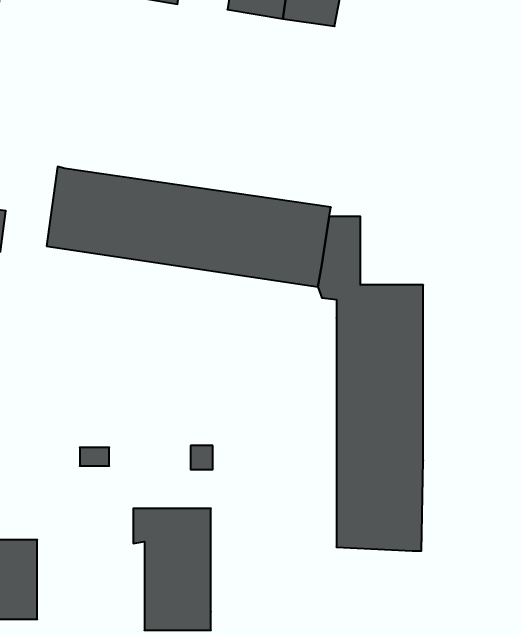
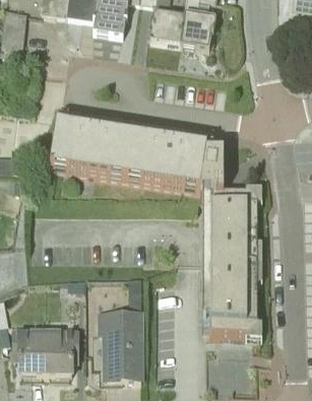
building: none -> [44,329,75,373]

